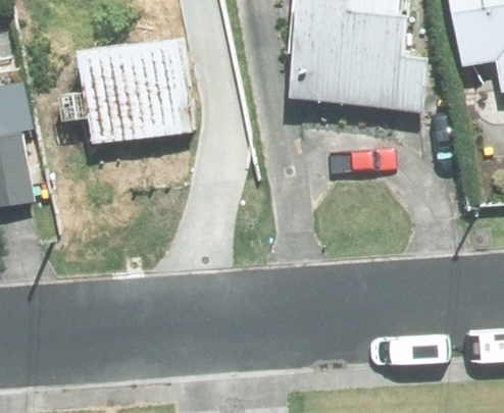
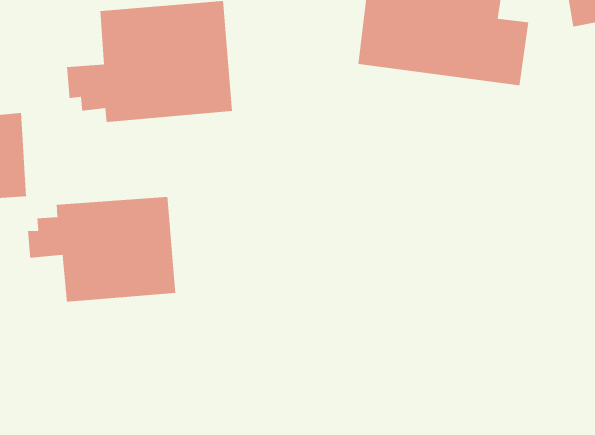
building: none -> [28,196,176,302]

